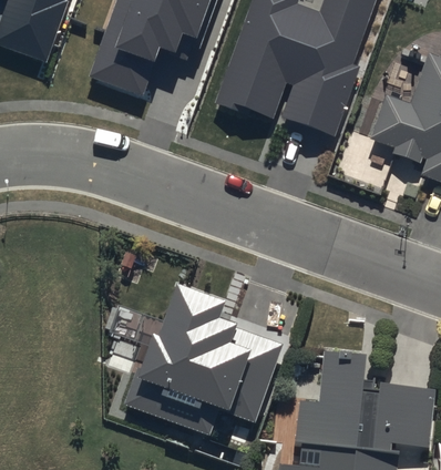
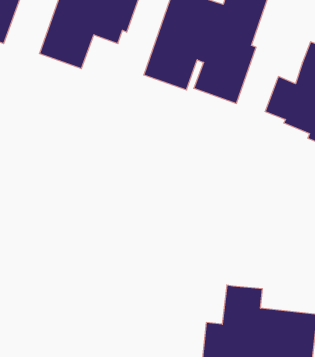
building: [125,277,283,429] -> none

